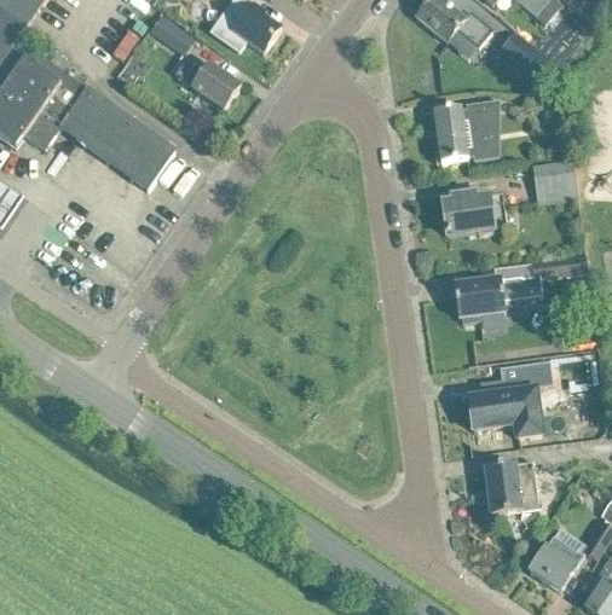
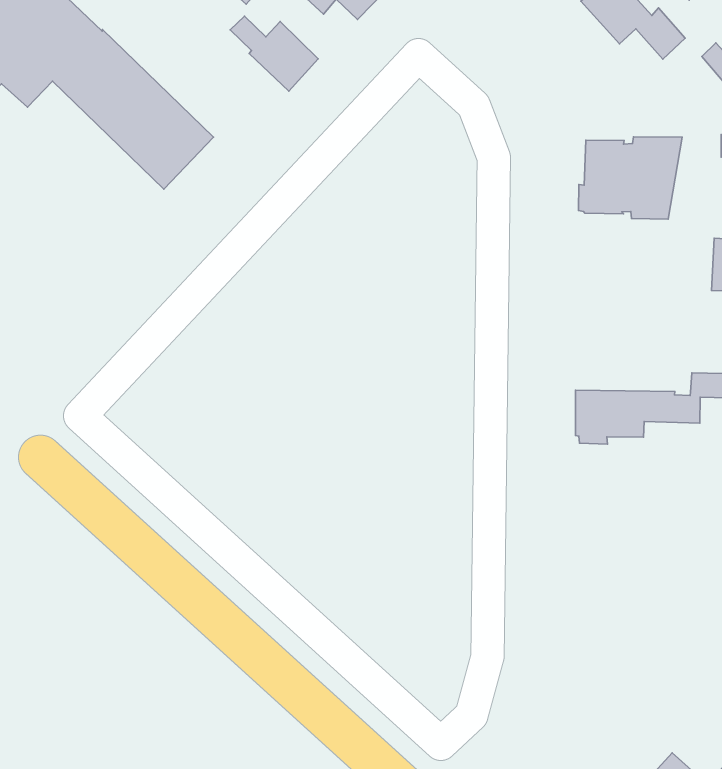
building: [441,191,506,234] -> none
building: [468,360,552,437] -> none
building: [479,460,537,516] -> none

